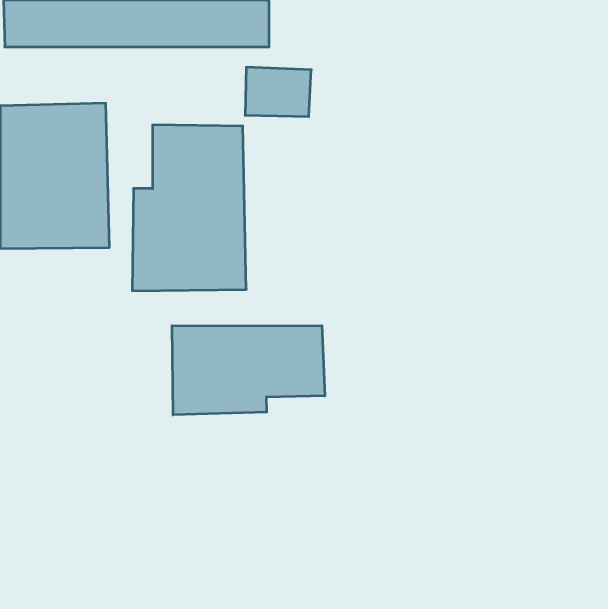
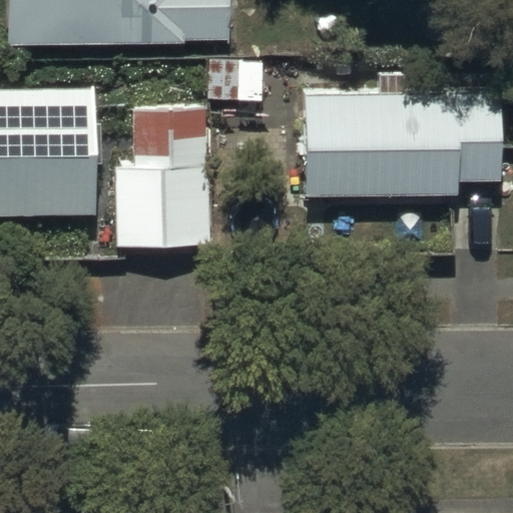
building: none -> [300,86,498,197]
building: [172,326,325,415] -> none

